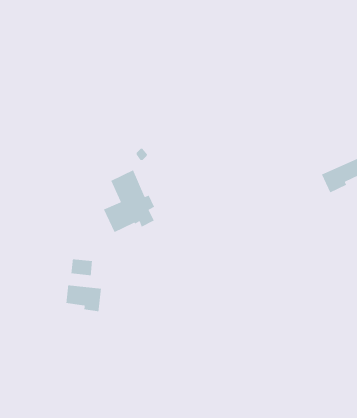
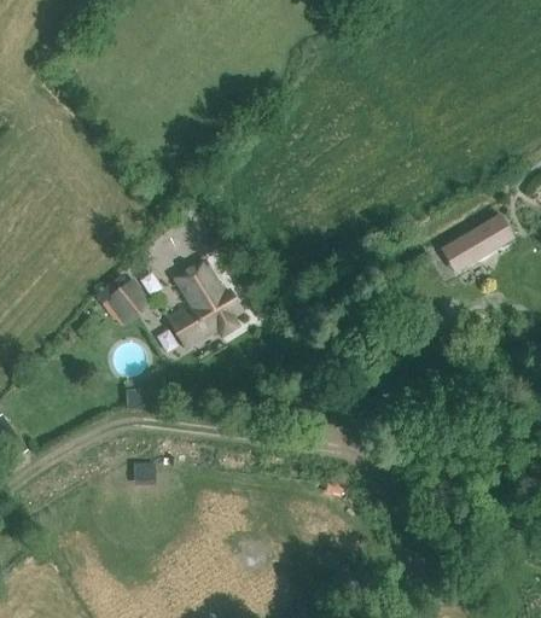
building: none -> [106,282,149,322]
building: [66,285,102,312] -> none

